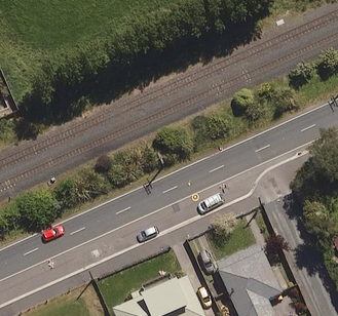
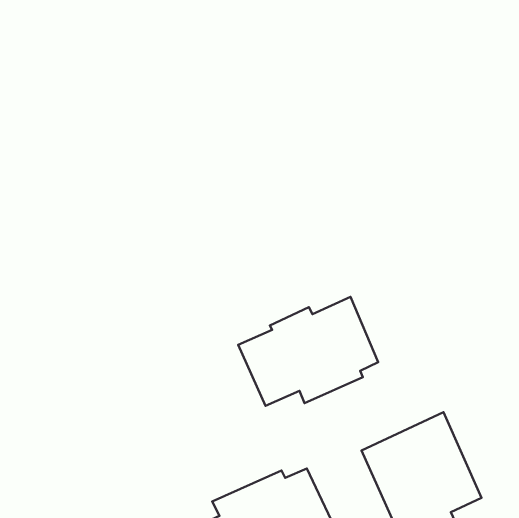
building: none -> [238,297,378,406]

